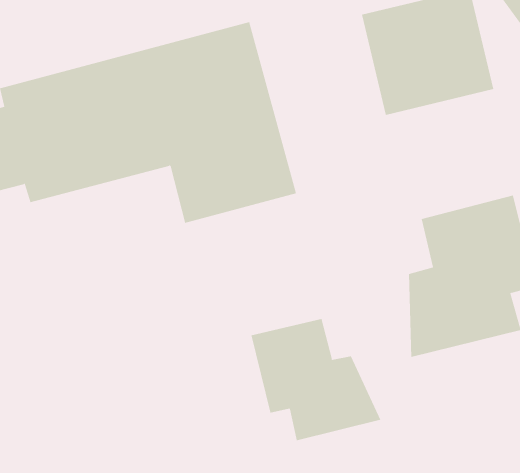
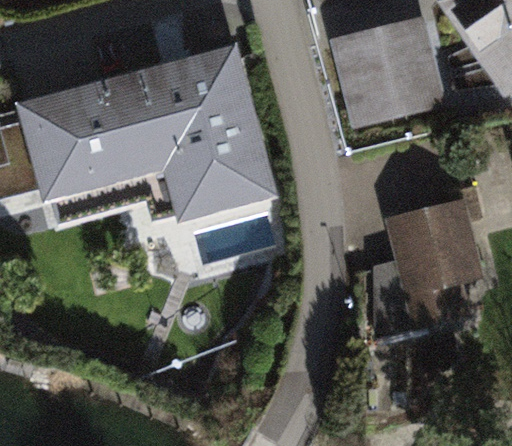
building: [251,318,381,441] -> none

